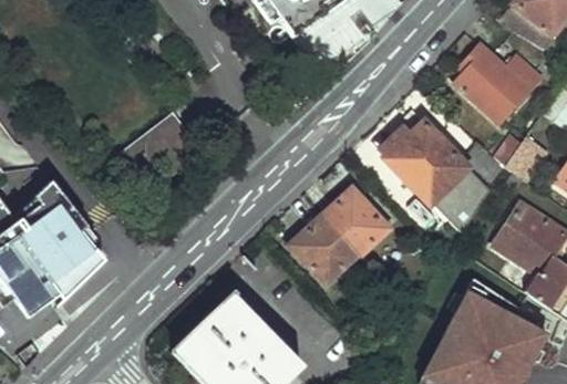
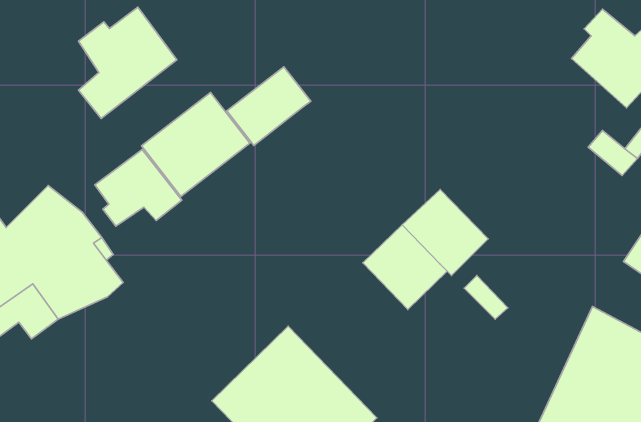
building: none -> [78,7,177,118]
building: none -> [227,67,311,145]
building: [381,108,493,228] -> none
building: none -> [95,149,182,226]

